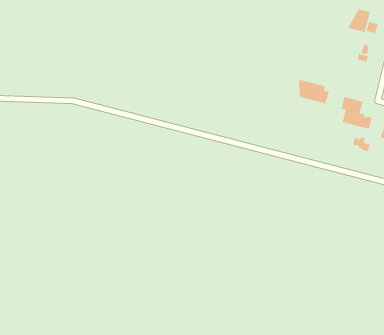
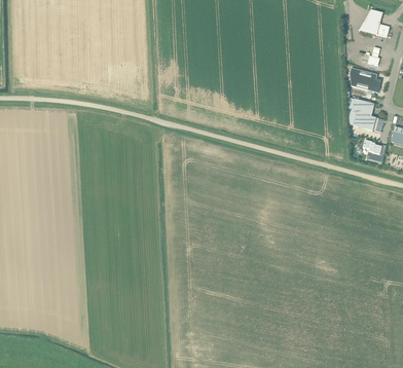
building: [298,79,330,104] -> [350,67,381,93]

